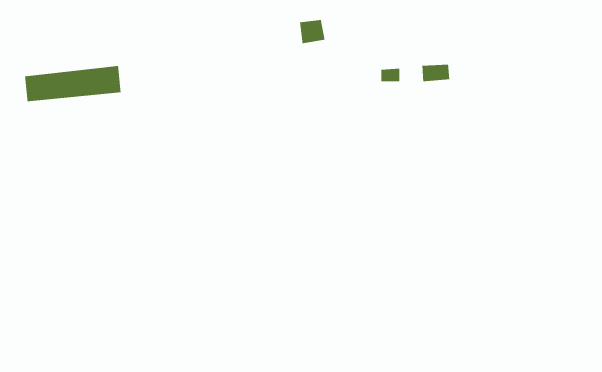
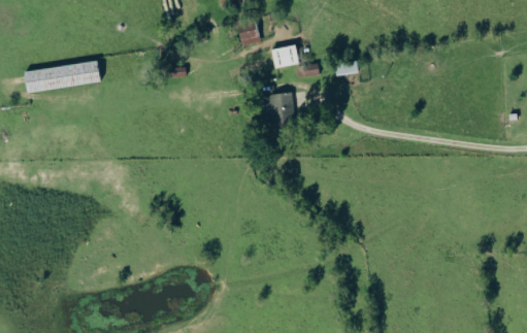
building: none -> [271,44,299,68]
building: none -> [263,93,296,129]

